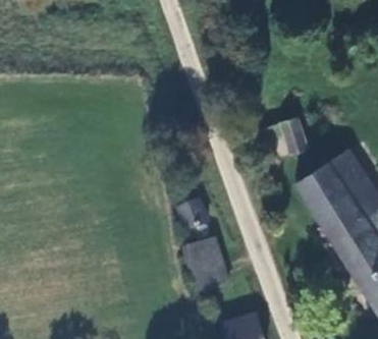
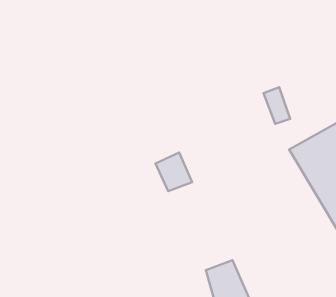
building: [182,240,230,294] -> none

